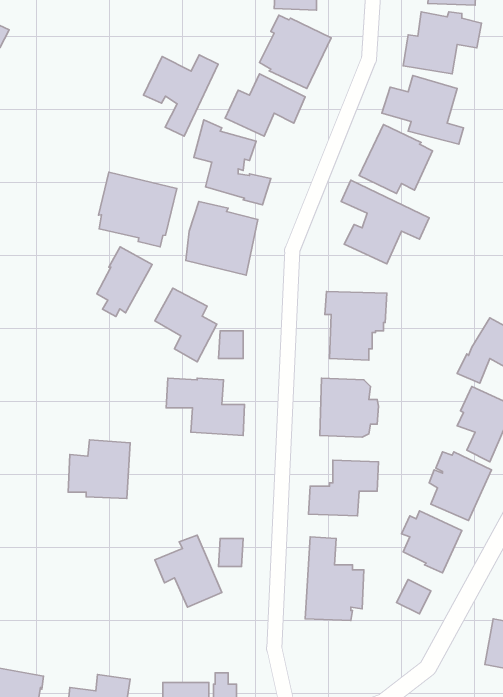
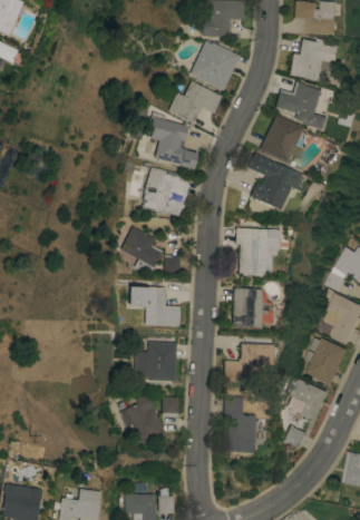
building: [143,55,218,136] -> none
building: [99,172,177,247] -> none
building: [97,247,152,317] -> none
building: [68,440,130,499] -> [135,341,177,381]

